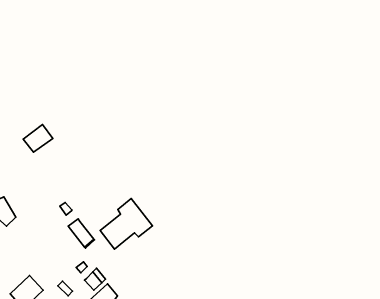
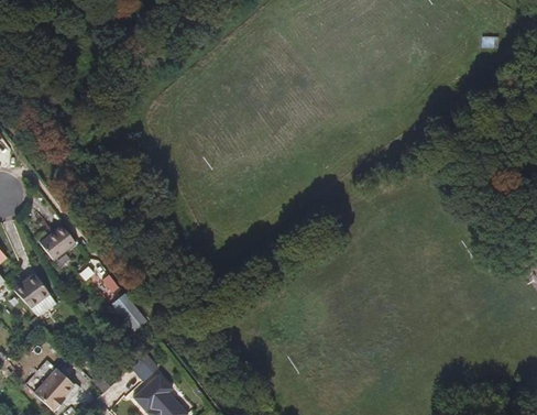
building: [23,125,53,152] -> [37,226,73,259]
building: [100,198,153,249] -> none

